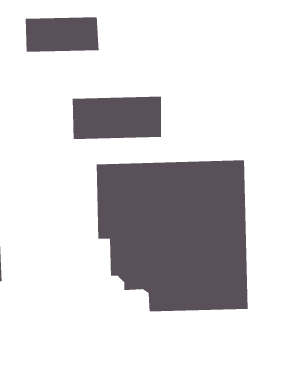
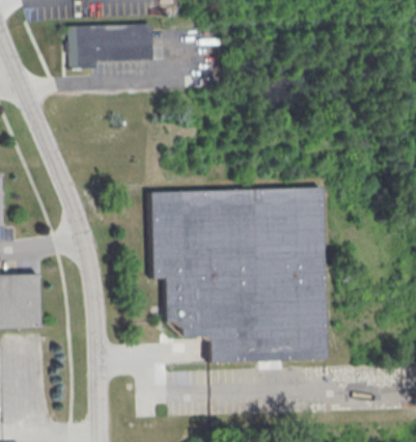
building: [72,96,162,140] -> none

